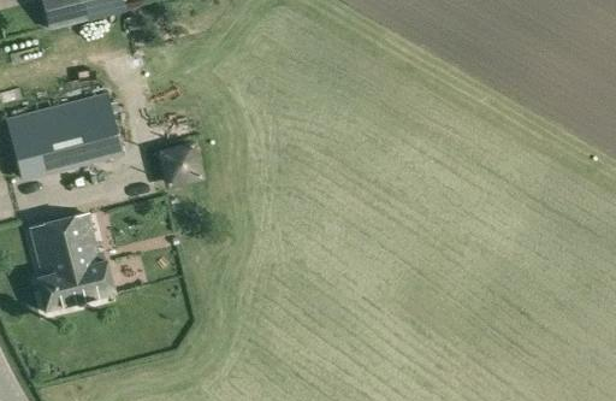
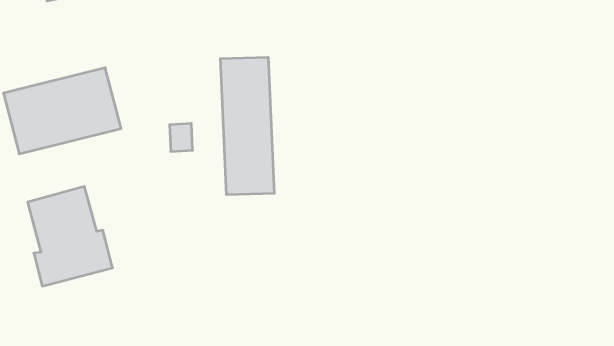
building: none -> [220,57,274,195]

